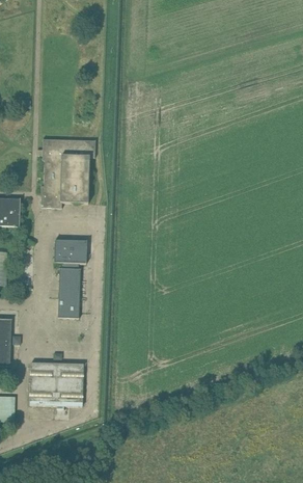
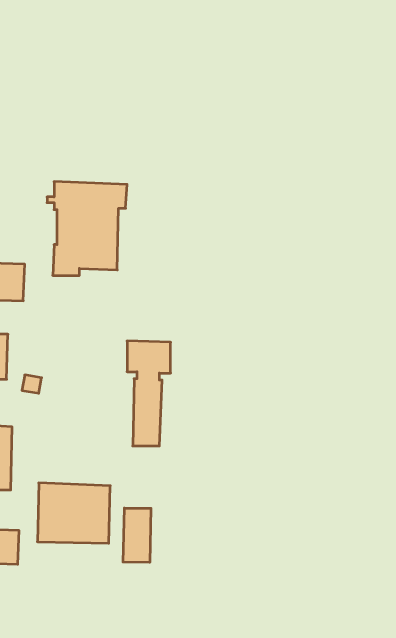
building: [54,238,86,316] -> [127,341,171,446]
building: none -> [123,508,151,562]

